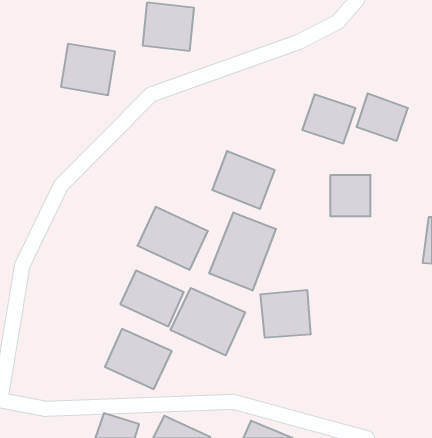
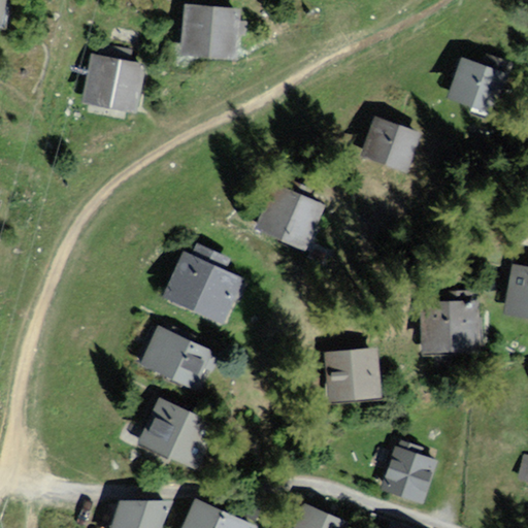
building: [356,93,408,141] -> [453,56,515,112]
building: [330,175,371,216] -> [424,304,472,354]
building: [209,212,276,291] -> none
building: [171,288,245,355] -> none
building: none -> [382,448,437,505]

